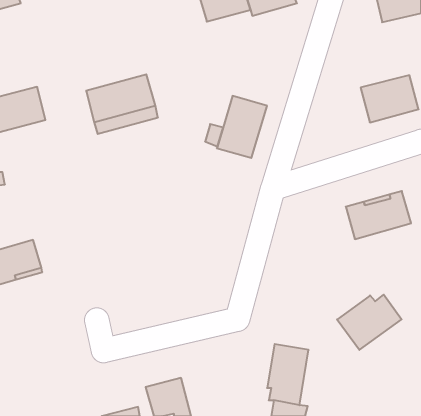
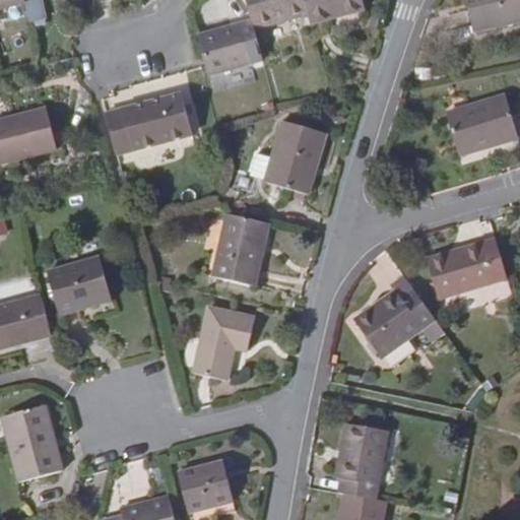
building: none -> [199,24,263,73]
building: none -> [214,212,269,283]
building: none -> [47,257,110,313]
building: none -> [194,307,254,379]
building: [337,295,402,350] -> [353,286,433,354]
building: none -> [6,408,64,486]

